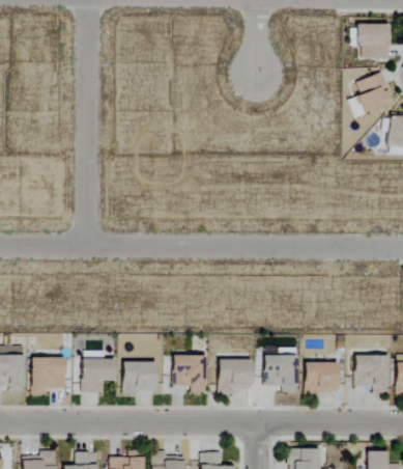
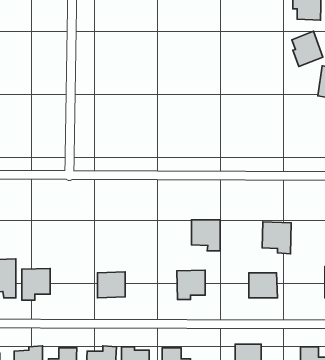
building: [173,355,207,392] -> none
building: [264,355,298,392] -> [192,220,220,251]
building: [355,355,391,393] -> [262,222,291,254]
building: [82,359,116,393] -> none

